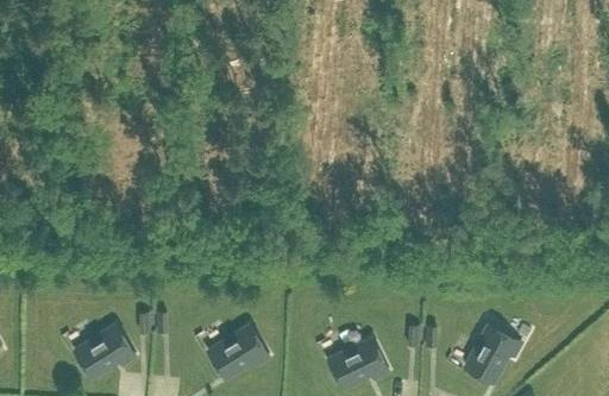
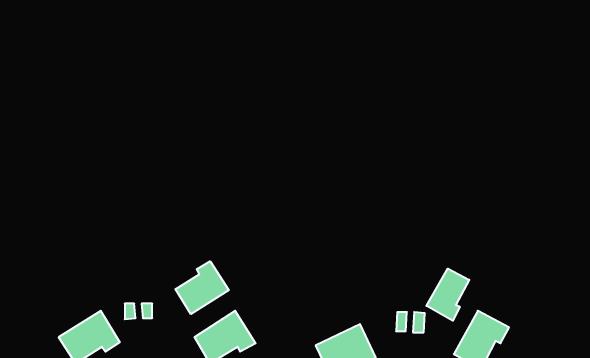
building: none -> [175,261,229,314]
building: none -> [426,269,469,321]

